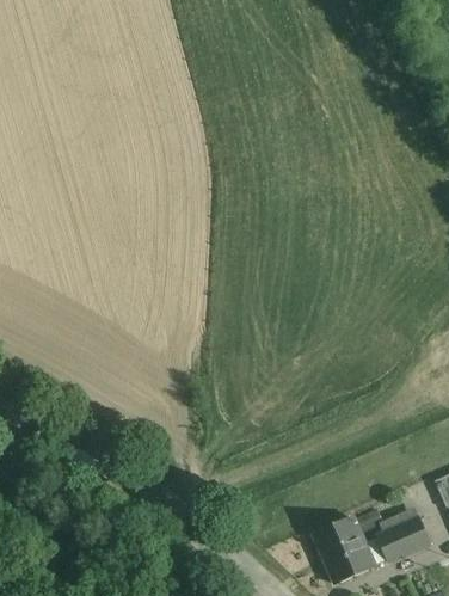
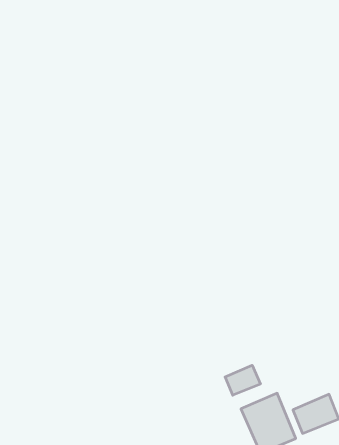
building: none -> [225,365,260,395]

